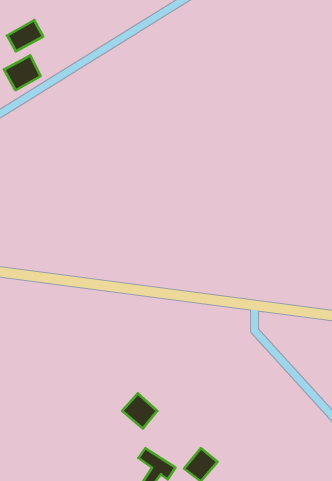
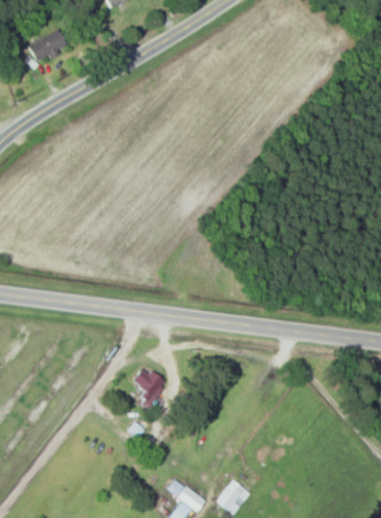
building: [4,55,40,90] -> none
building: [122,393,157,428] -> [129,365,166,402]

